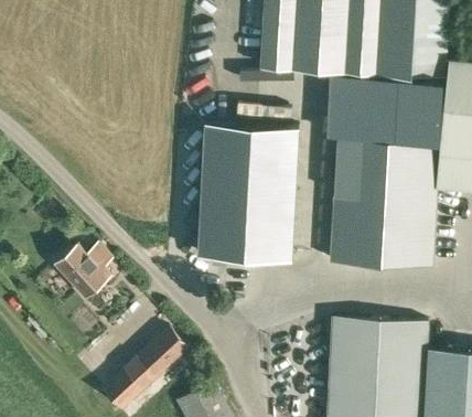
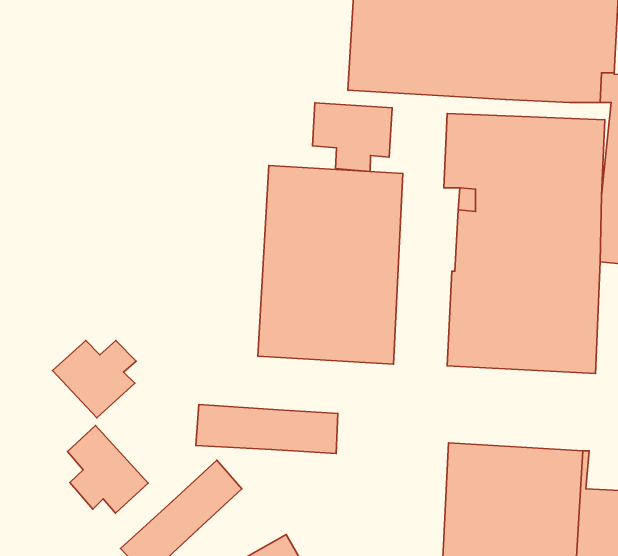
building: none -> [313,103,392,172]
building: none -> [196,404,338,453]
building: none -> [67,425,148,513]

